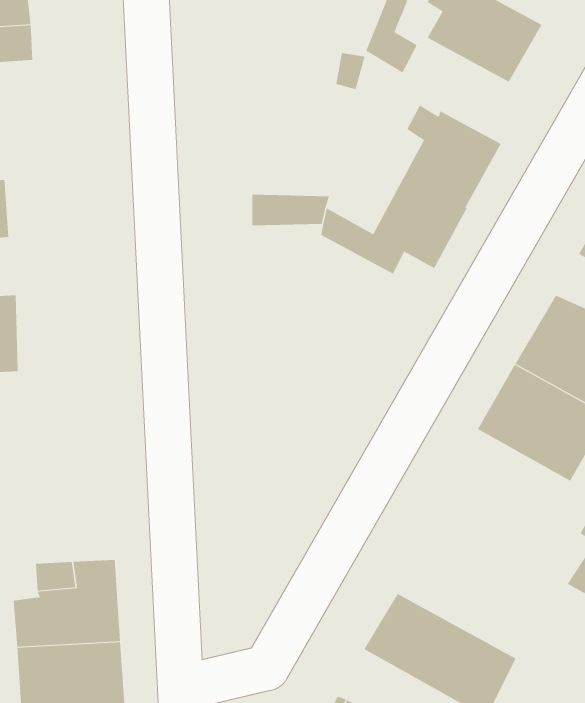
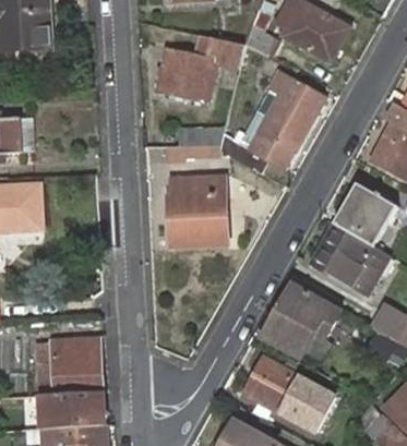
building: none -> [156,45,216,103]
building: none -> [169,176,229,244]
building: none -> [262,284,327,357]

